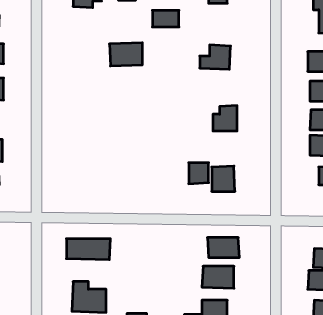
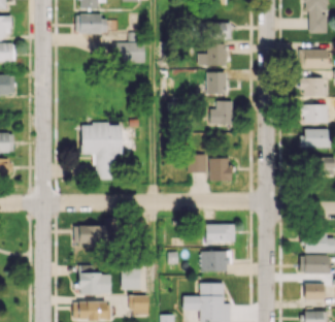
building: [152,10,179,27] -> [206,23,231,38]
building: none -> [75,14,107,33]
building: none -> [206,72,227,94]
building: none -> [81,124,122,179]
building: none -> [122,268,140,289]

